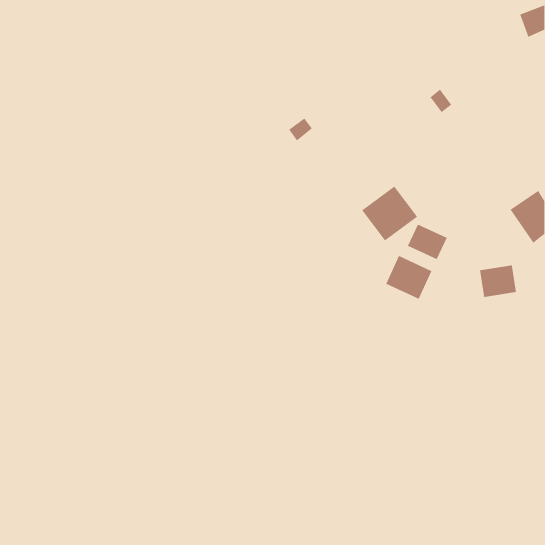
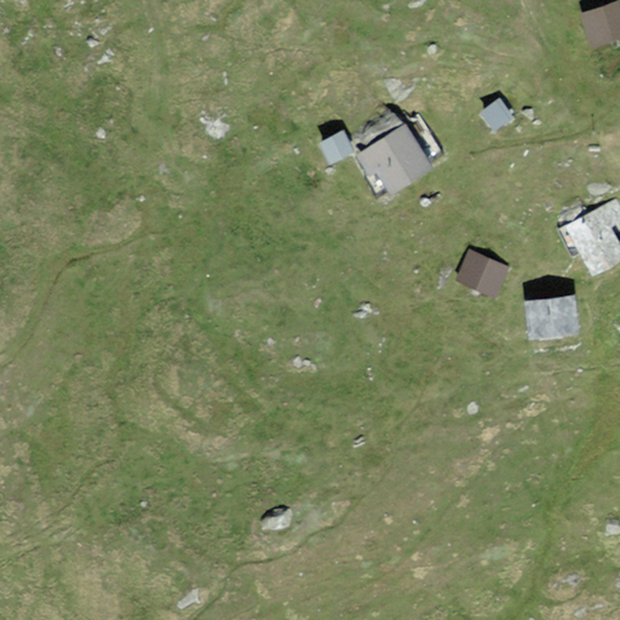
building: [361,185,418,242] -> [366,127,430,190]
building: [385,255,433,300] -> none

